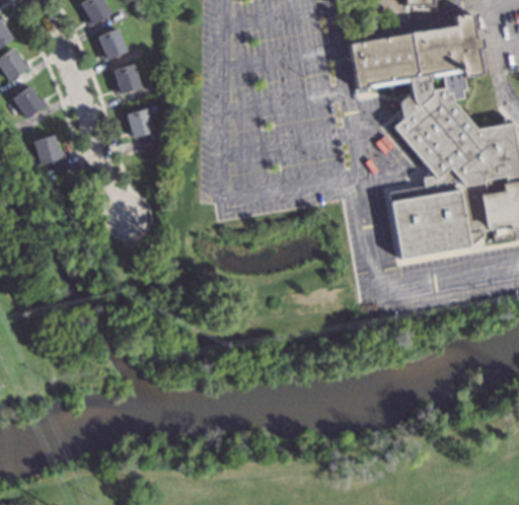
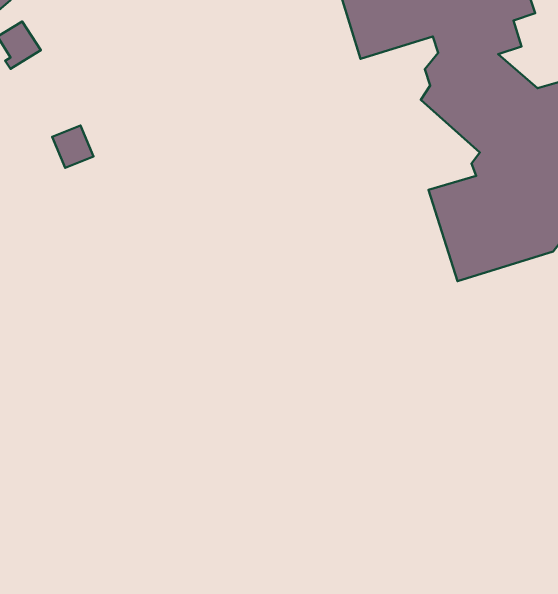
building: [114,63,142,95] -> none

